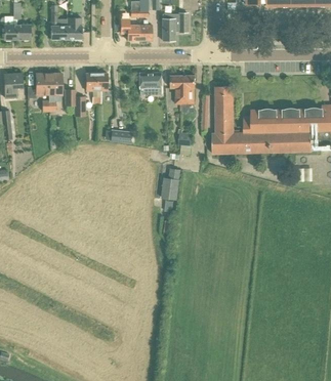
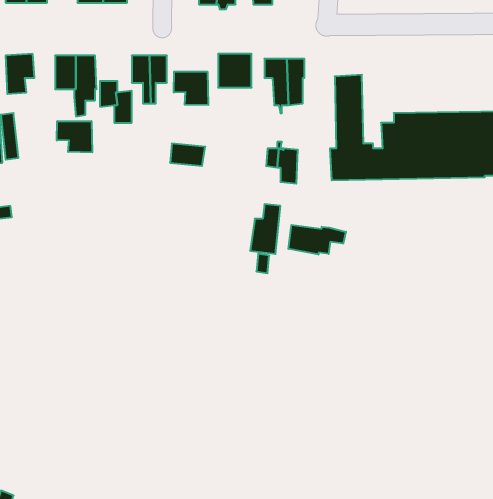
building: none -> [174,72,208,105]
building: none -> [57,121,92,152]
building: none -> [288,225,346,255]

